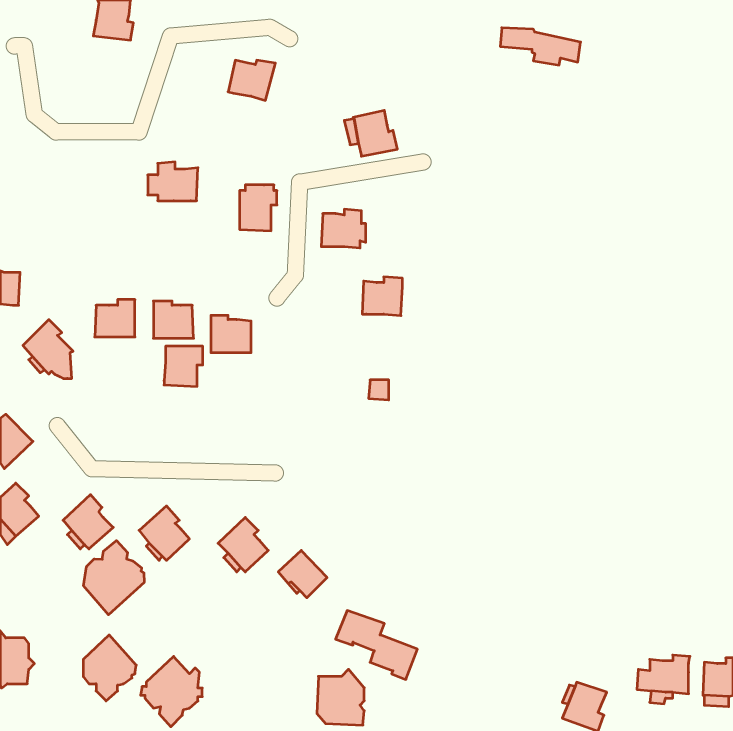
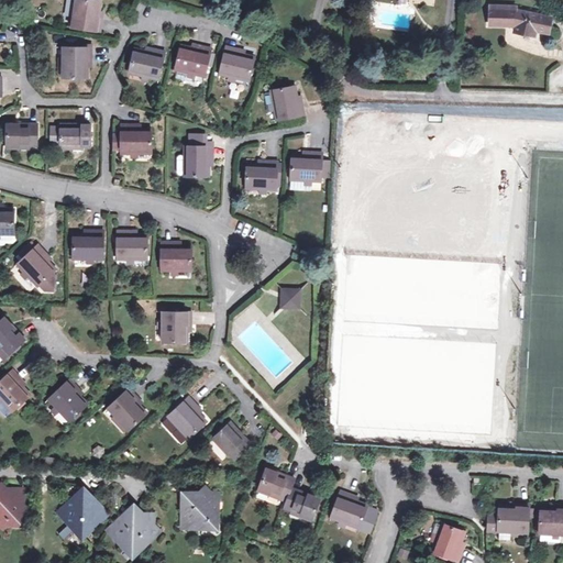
building: [500,28,581,65] -> [489,8,551,36]
building: none -> [219,47,254,82]
building: none -> [63,48,91,79]
building: none -> [129,49,165,80]
building: none -> [5,125,37,148]
building: none -> [60,125,90,150]
building: [362,277,402,316] -> [291,153,322,183]
building: [164,346,203,386] -> [162,312,191,343]
building: [84,541,144,615] -> none
building: none -> [330,492,366,528]
building: [317,669,364,725] -> [181,487,218,530]

